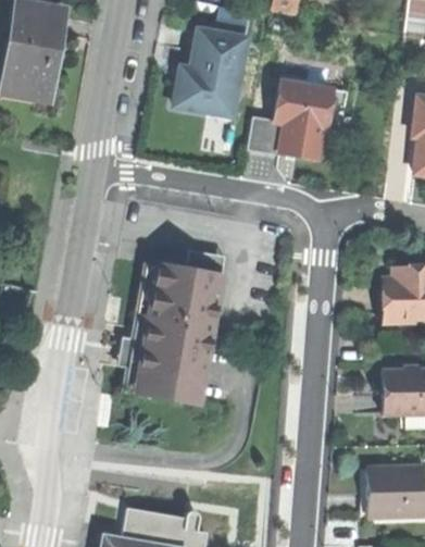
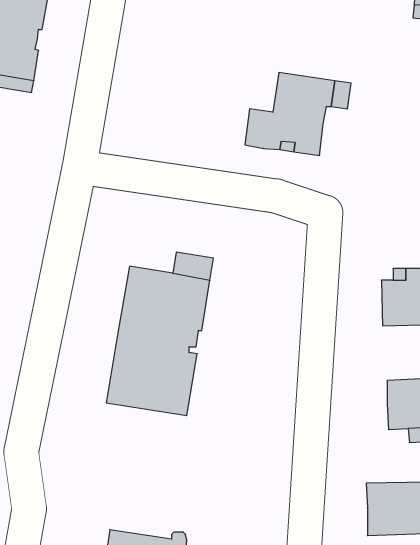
building: [174,32,246,116] -> none

